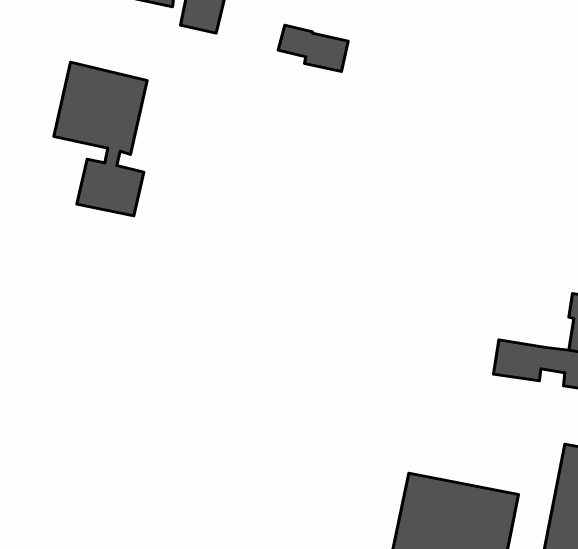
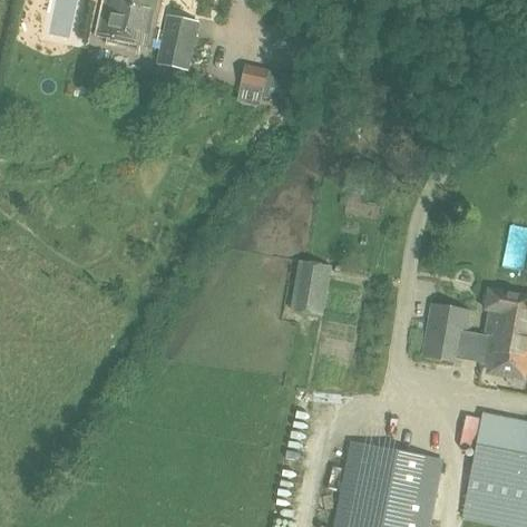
building: [54,62,147,216] -> none
building: none -> [294,261,329,315]
building: none -> [427,302,471,334]

